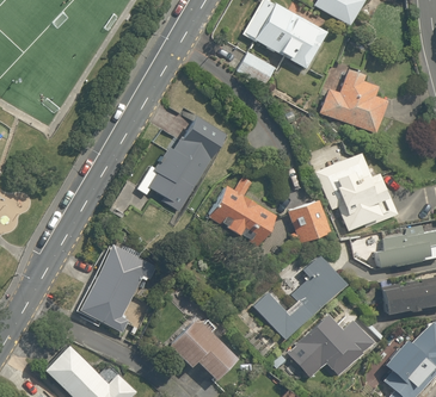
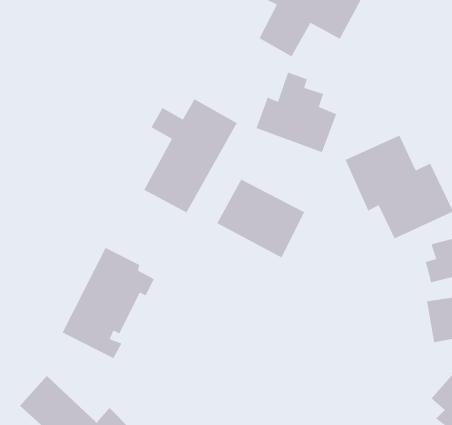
building: [321,66,388,132] -> [255,72,337,153]
building: [284,197,330,248] -> none
building: [245,253,346,339] -> none
building: [287,311,377,378] -> none
building: [167,317,237,380] -> none

